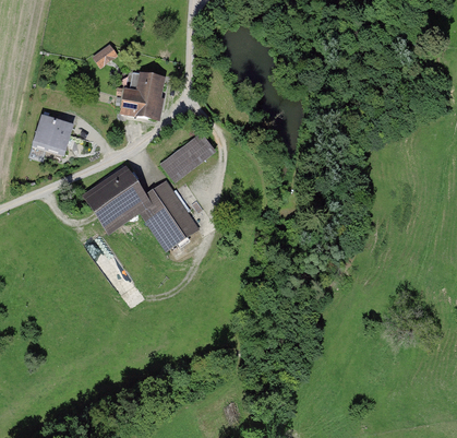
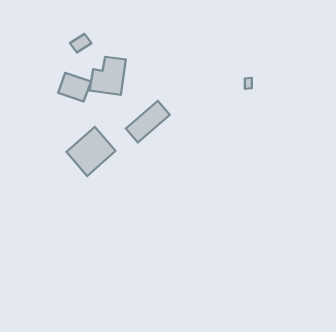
building: [28,117,70,153] -> [58,73,91,101]
building: [134,181,199,247] -> none

